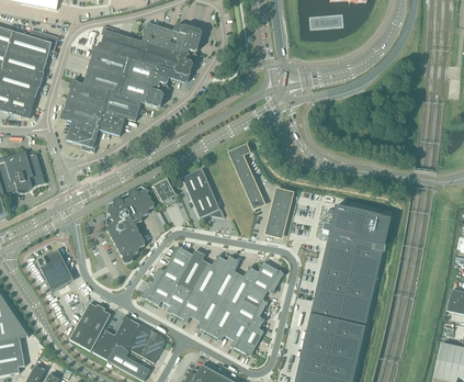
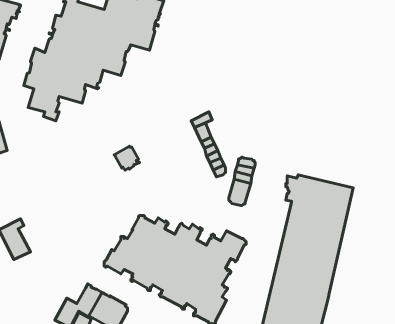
building: [181,169,224,217] -> none
building: [106,189,154,263] -> none
building: [69,303,111,350] -> none

